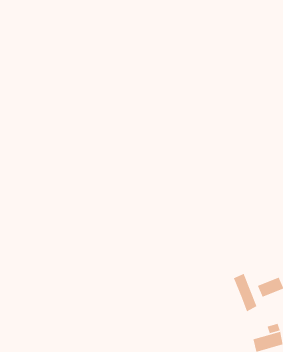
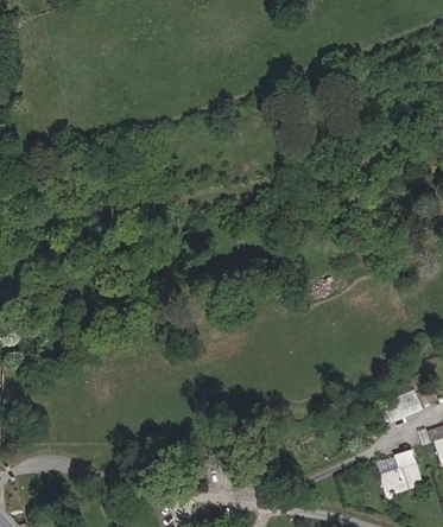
building: [233,273,258,313] -> none

